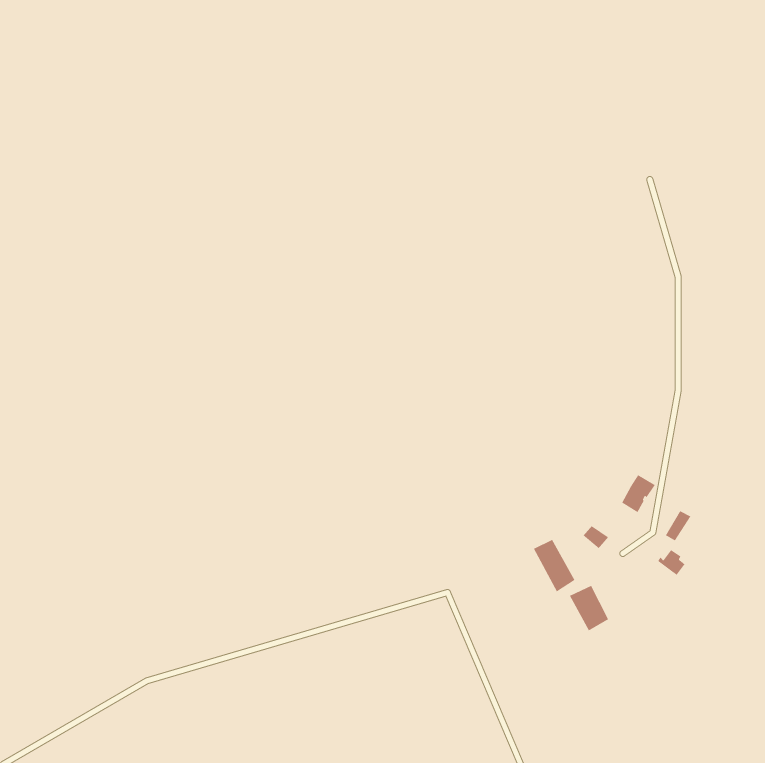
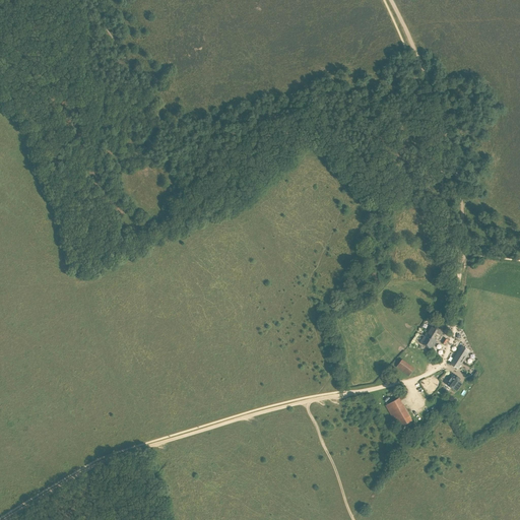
building: [533,539,576,592] -> none

